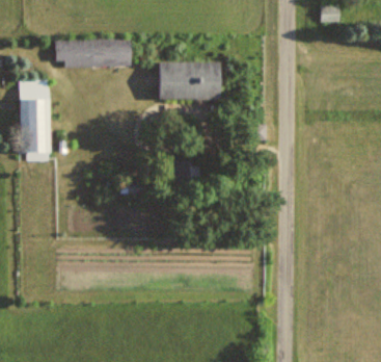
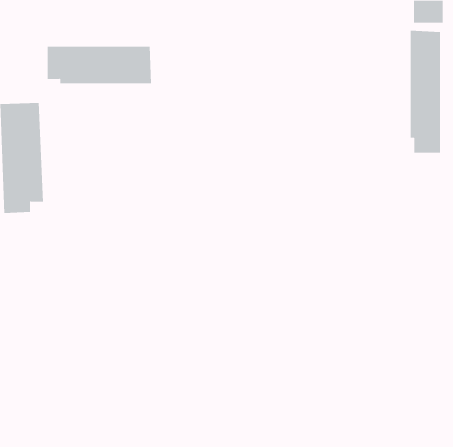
building: none -> [410,30,441,154]
building: [159,60,221,98] -> none

